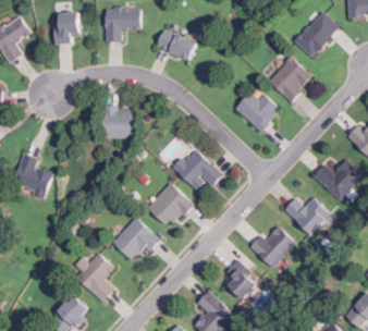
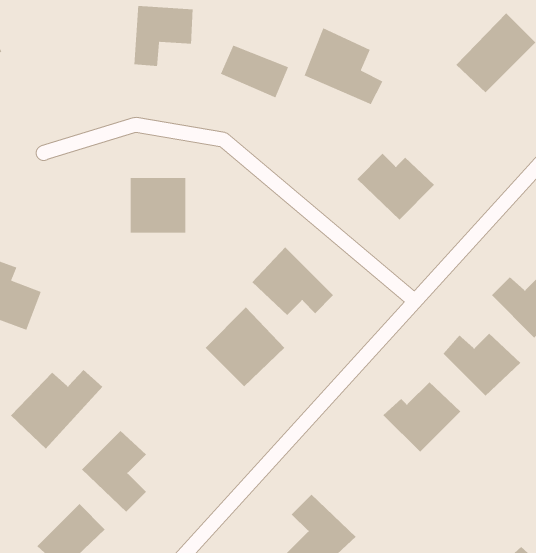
building: [52,13,78,45] -> none
building: none -> [303,27,383,105]
building: [267,58,311,101] -> none
building: [111,218,157,262] -> none
building: none -> [10,369,103,450]
building: [225,261,257,299] -> none

